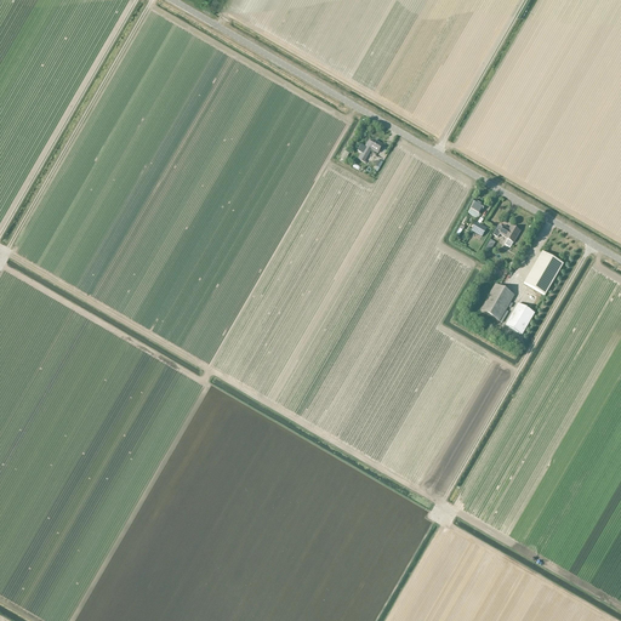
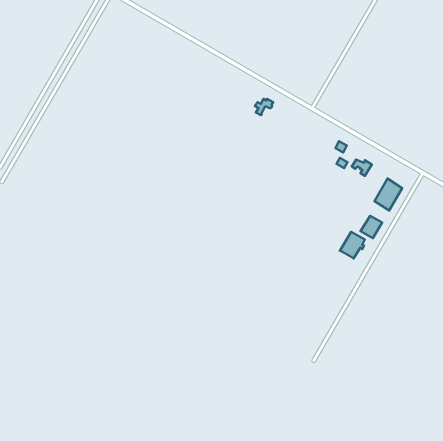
building: [479,283,514,320] -> [340,232,365,259]

